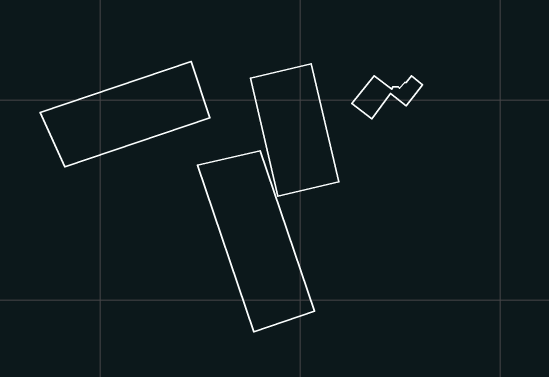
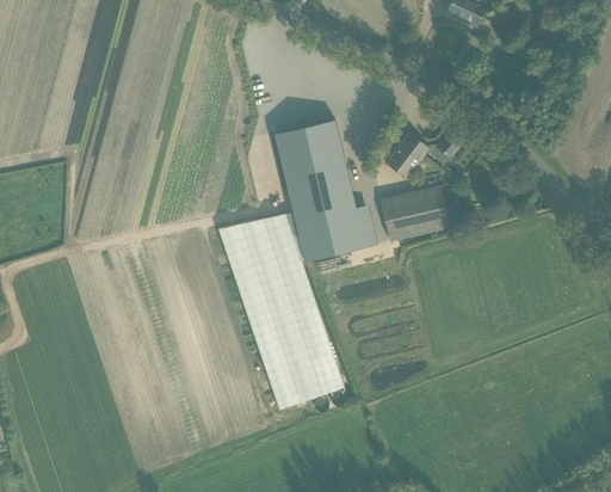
building: [40,62,210,167] -> none
building: none -> [378,184,449,240]

